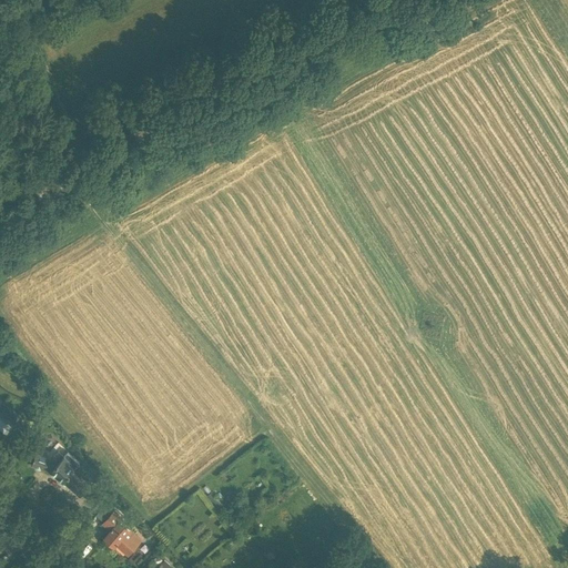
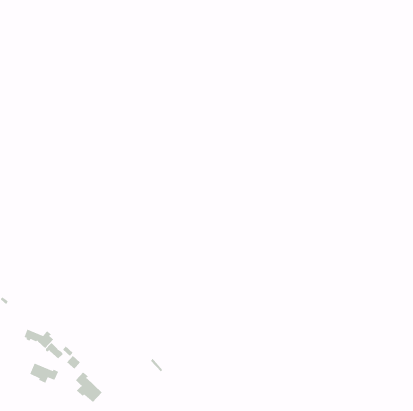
building: none -> [29,363,59,384]

